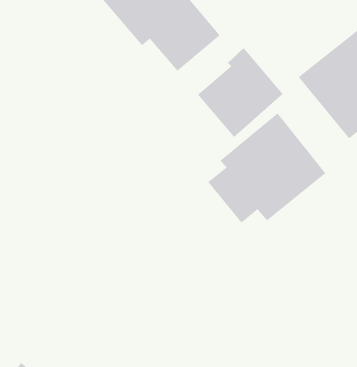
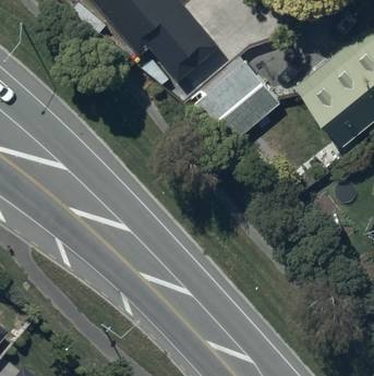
building: [207,112,326,223] -> none

